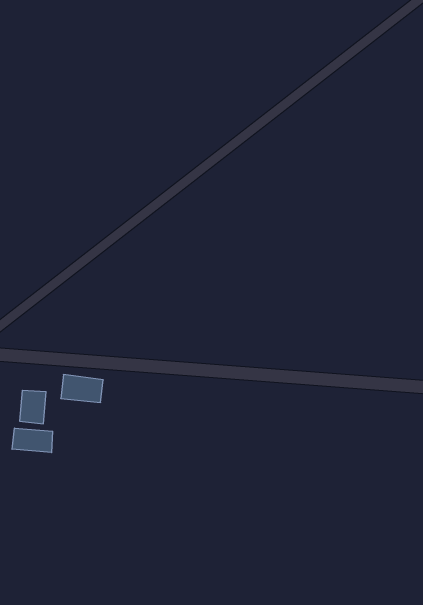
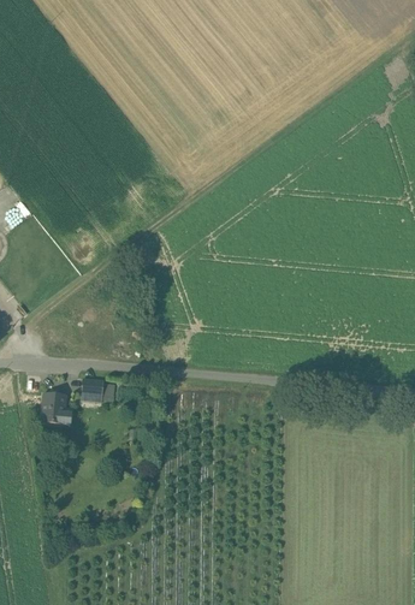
building: [12,428,53,453] -> none

